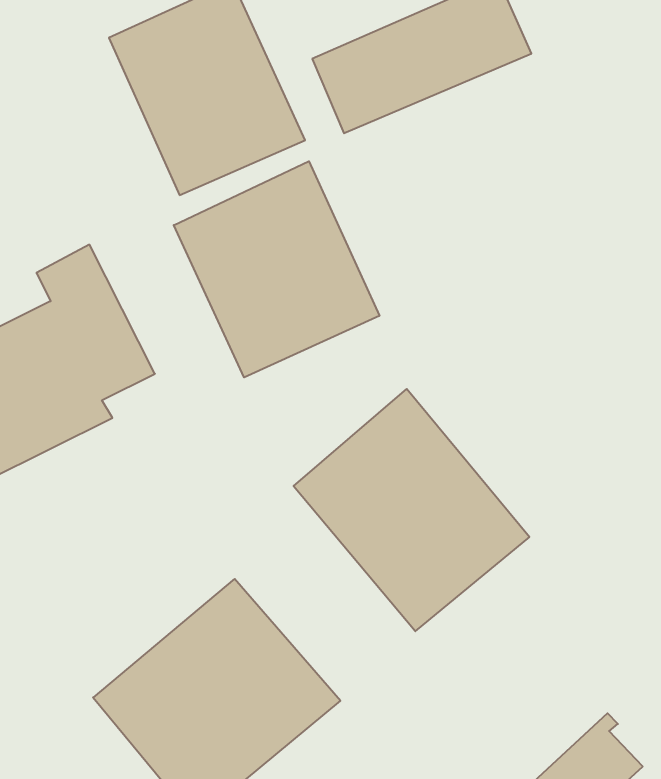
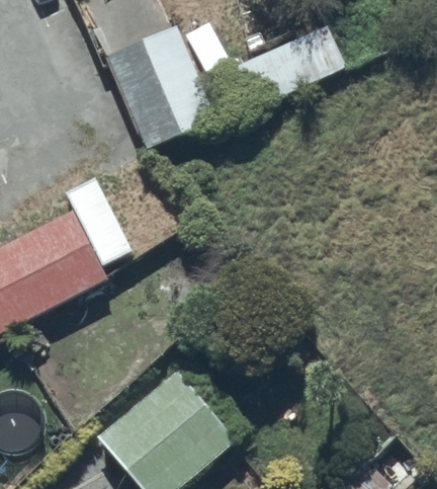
building: [174,161,379,377] -> none
building: [294,389,529,631] -> none

